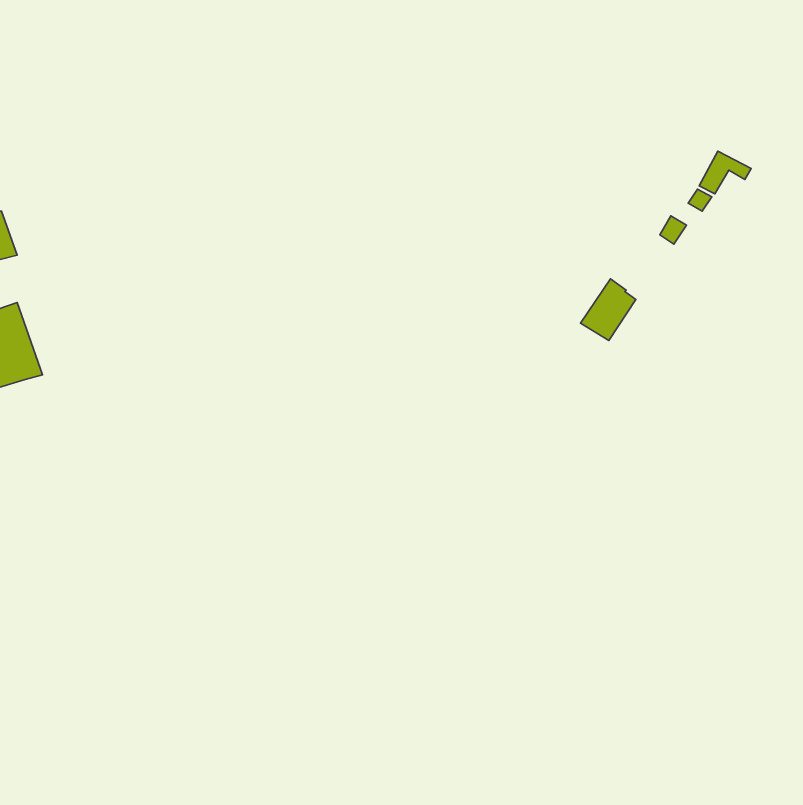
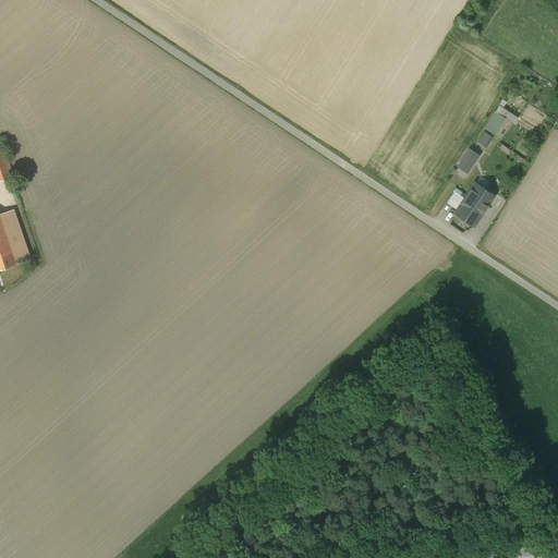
building: [581,279,636,340] -> [453,183,492,226]

